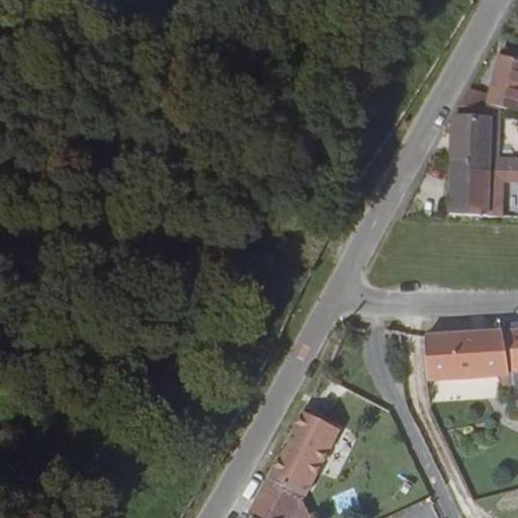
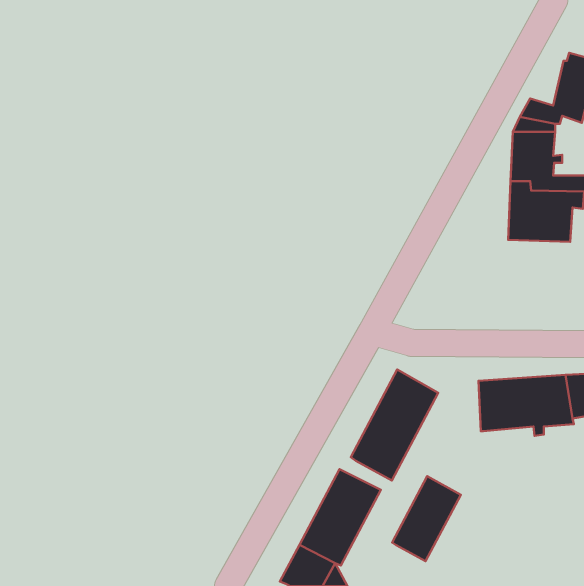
building: none -> [351,370,438,480]
building: none -> [392,476,461,561]

